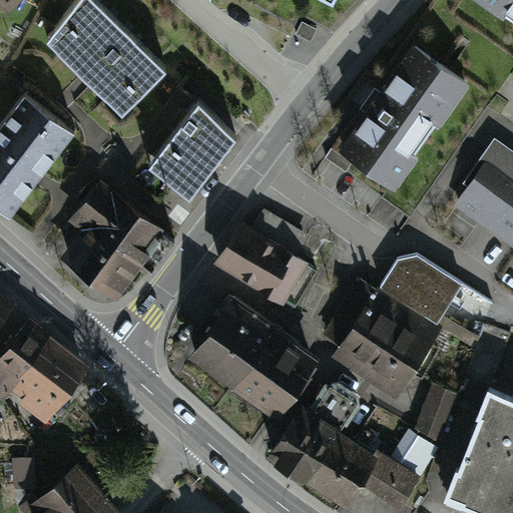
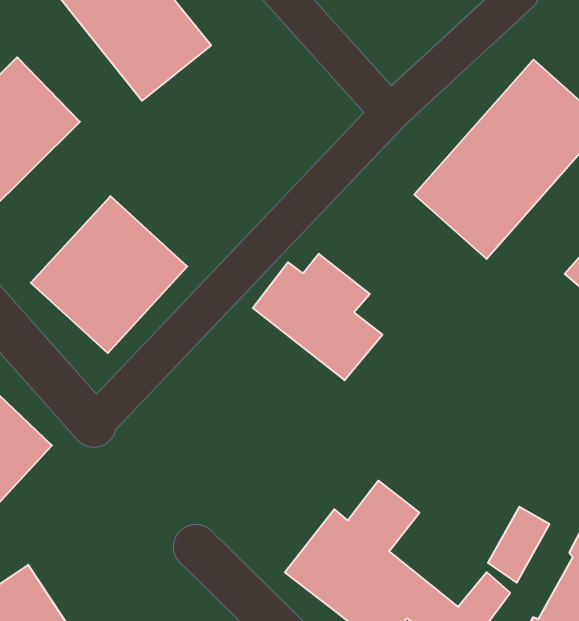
building: [151,101,236,200] -> none
building: [336,264,461,399] -> none
building: [188,305,318,426] -> none

